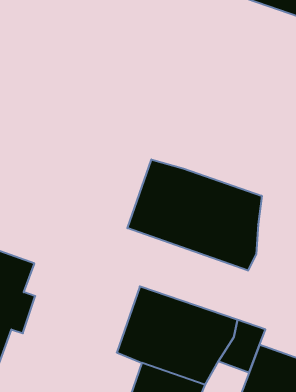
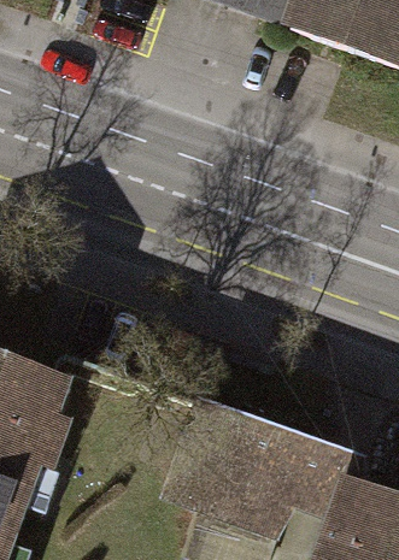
building: [127,159,262,271] -> none

